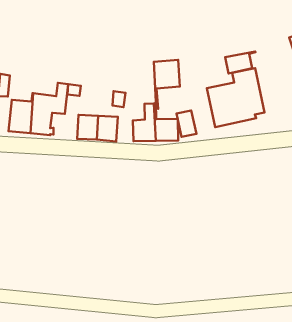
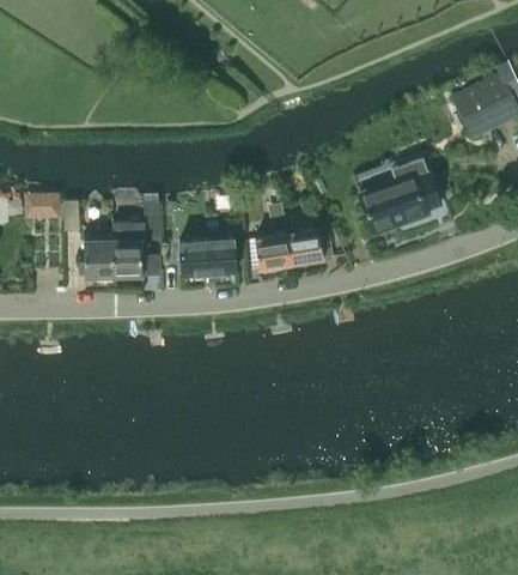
building: [225,51,255,74] -> none
building: [154,60,180,109] -> none
building: [177,111,196,137] -> none

